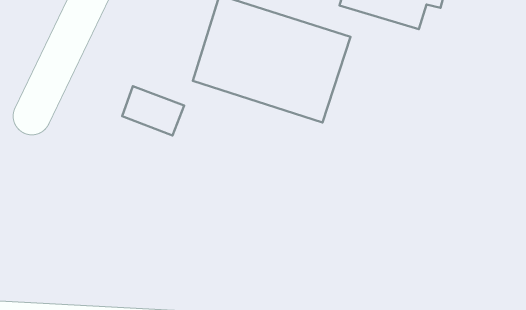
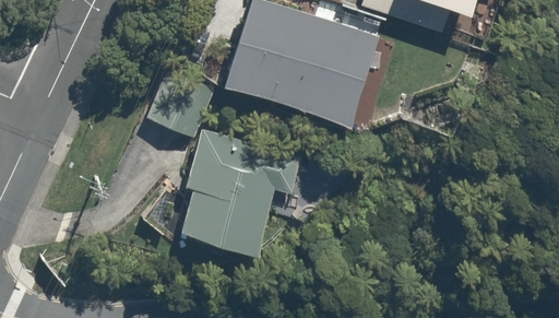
building: none -> [177,130,305,256]

